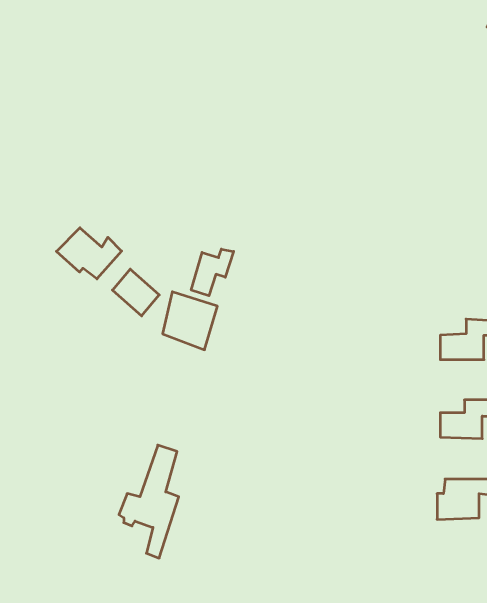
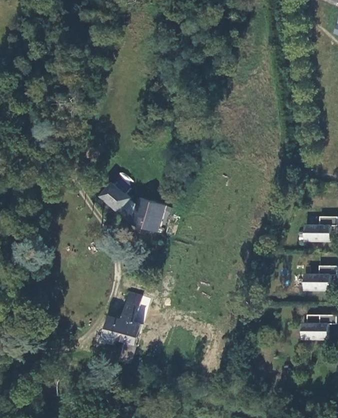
building: [56,228,122,279] -> none
building: [191,249,234,296] -> none

